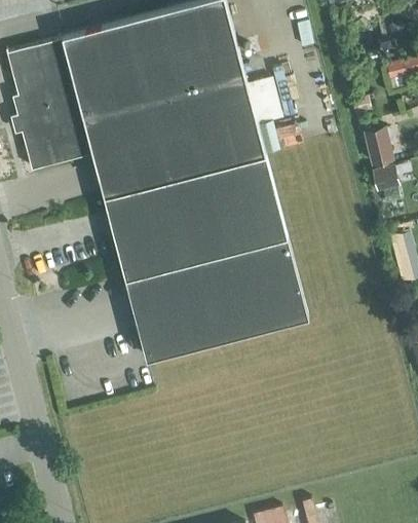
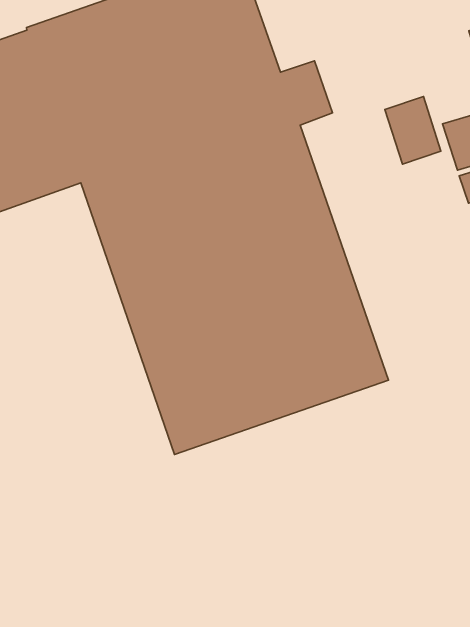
building: none -> [385,96,441,164]

